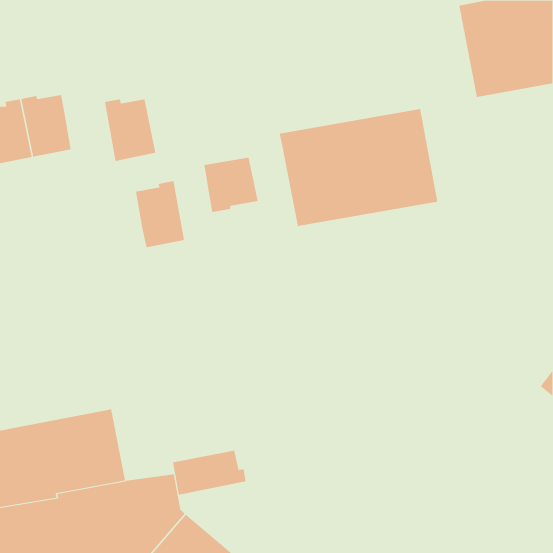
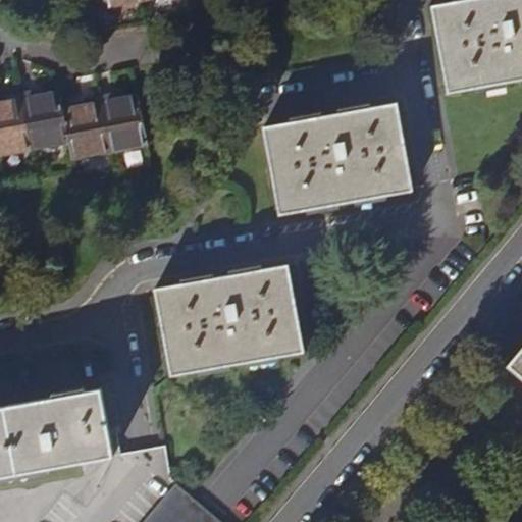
building: [204,157,258,213] -> none
building: [135,181,185,248] -> [61,97,108,160]
building: none -> [154,264,304,376]
building: [173,450,246,496] -> none

